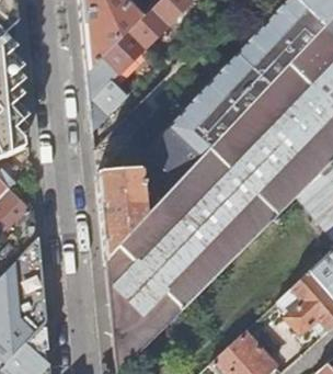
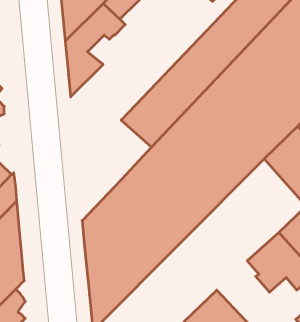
building: [96,173,145,259] -> none

